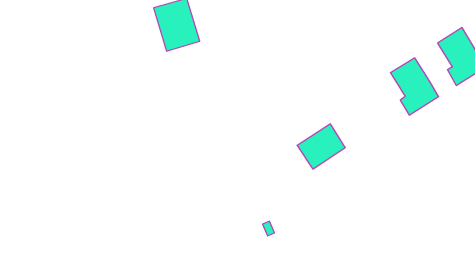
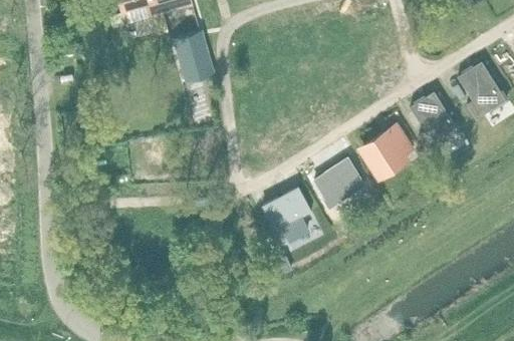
building: none -> [357,121,414,174]
building: none -> [265,192,307,239]

